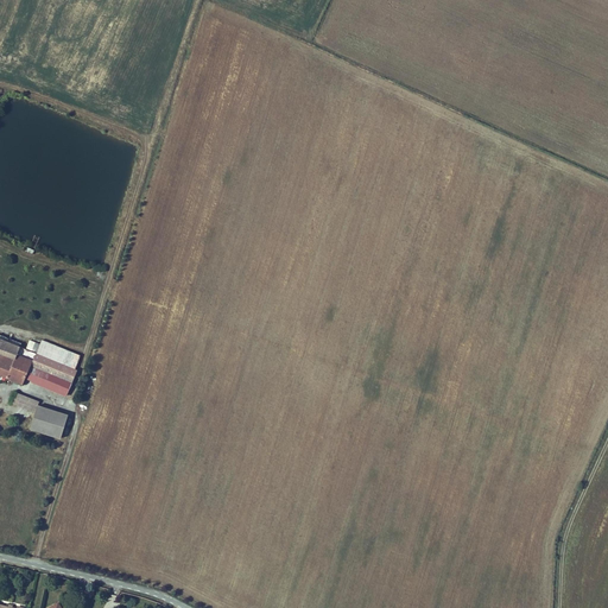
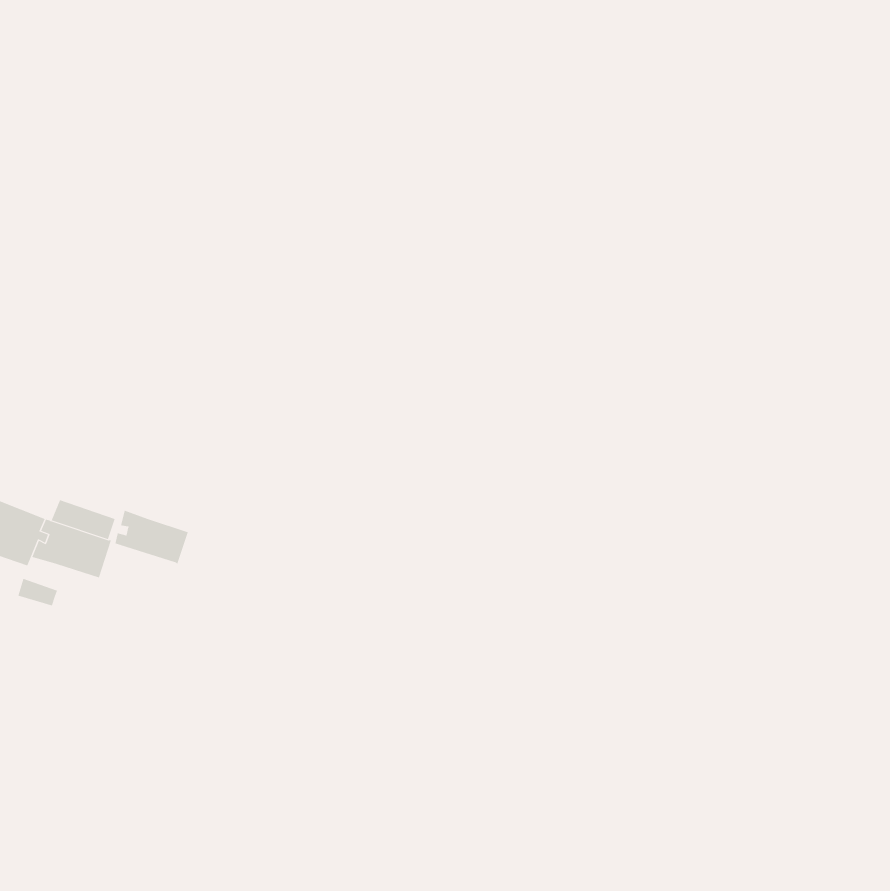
building: none -> [115,510,189,565]
building: [31,406,65,438] -> none

